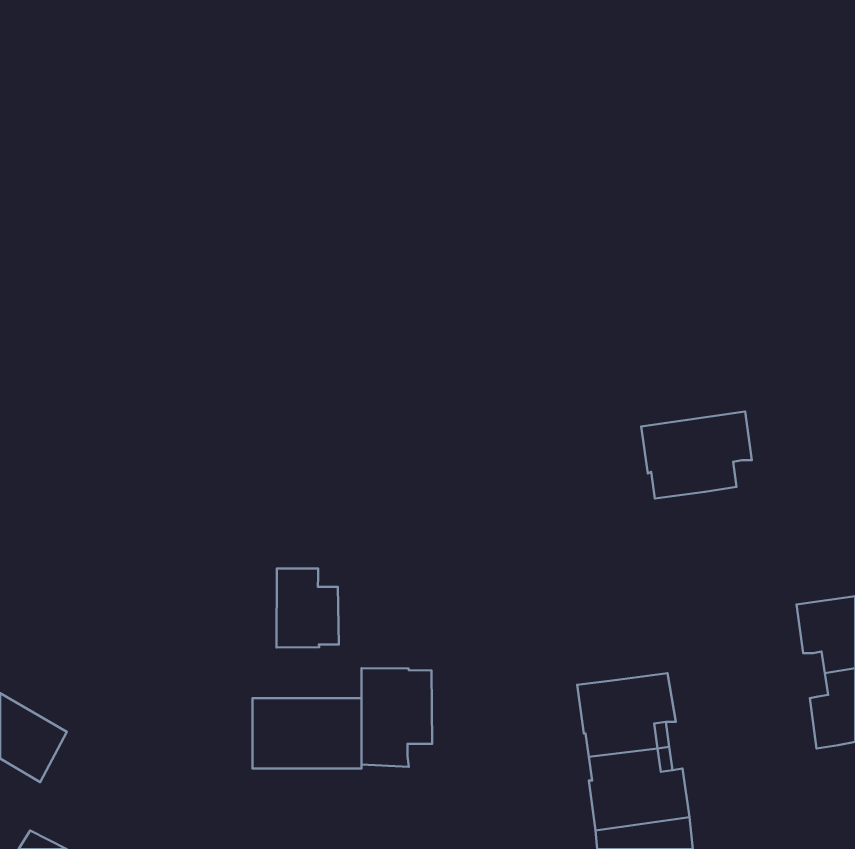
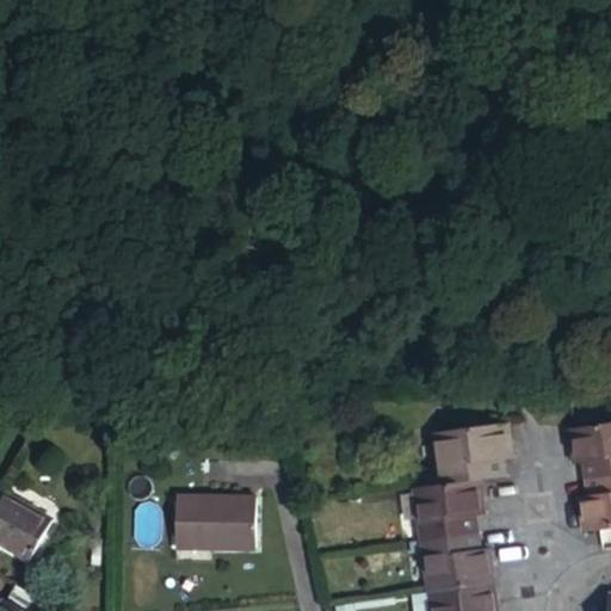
building: [641,412,752,499] -> [431,422,510,485]
building: [277,568,339,647] -> none
building: [361,668,432,767] -> none

